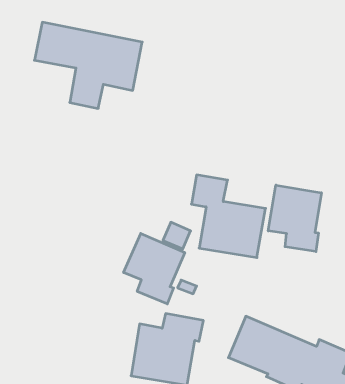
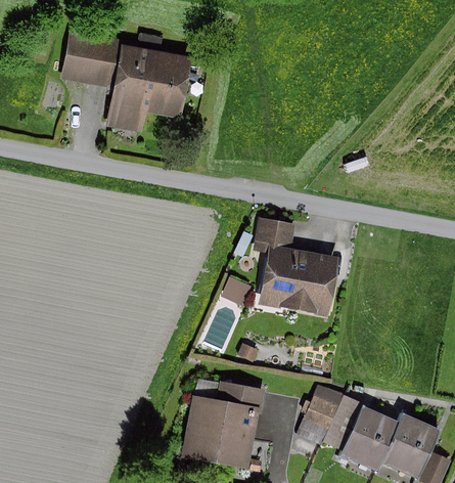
building: [268,185,321,252] -> none
building: [124,233,185,304] -> none

